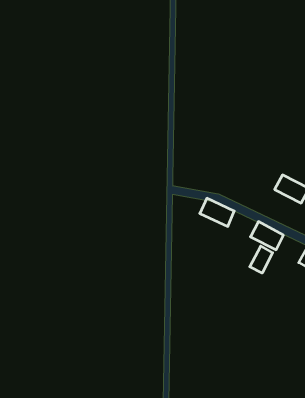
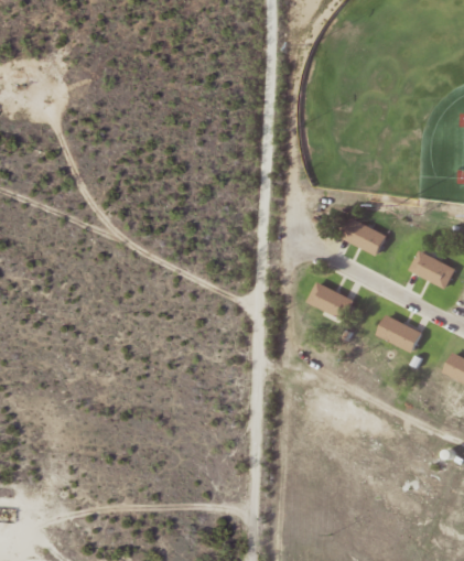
building: none -> [341,218,386,256]
building: [250,246,273,273] -> none

